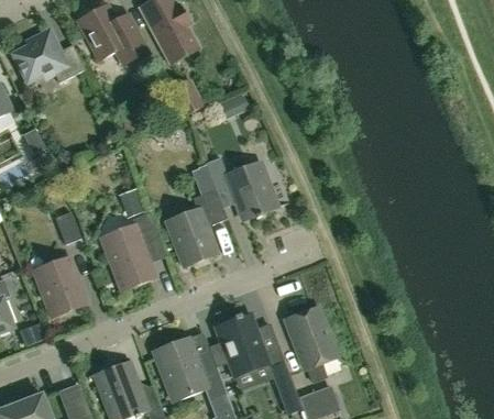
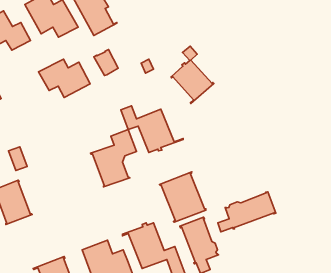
building: none -> [171,46,214,103]
building: none -> [38,59,90,98]
building: [101,212,155,294] -> none
building: none -> [159,172,206,222]
building: none -> [218,192,276,232]

